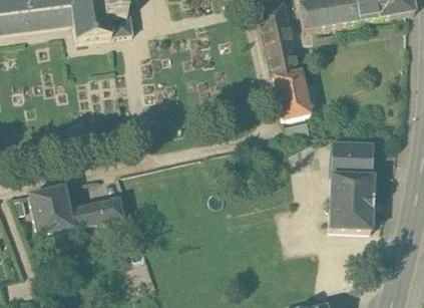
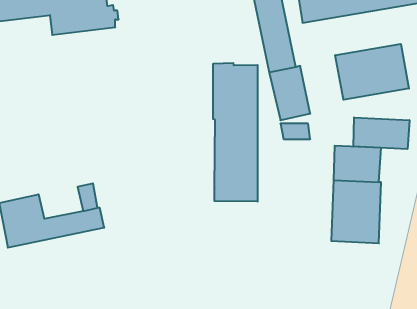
building: none -> [335,44,409,100]
building: none -> [213,63,258,202]
building: none -> [353,117,409,149]

